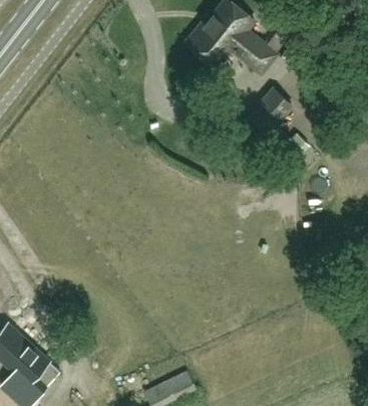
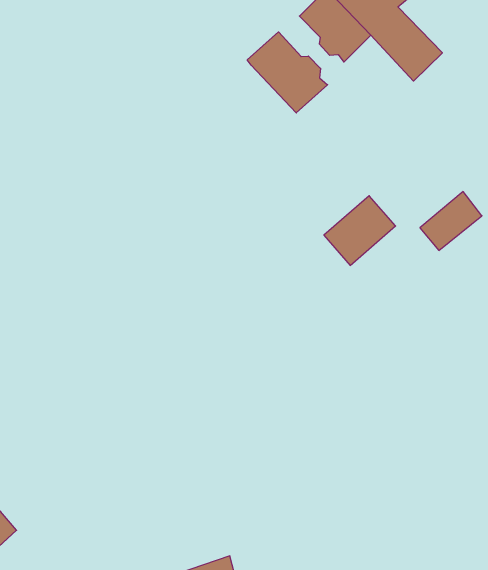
building: none -> [247,32,328,113]
building: [249,86,291,130] -> [324,196,396,265]

